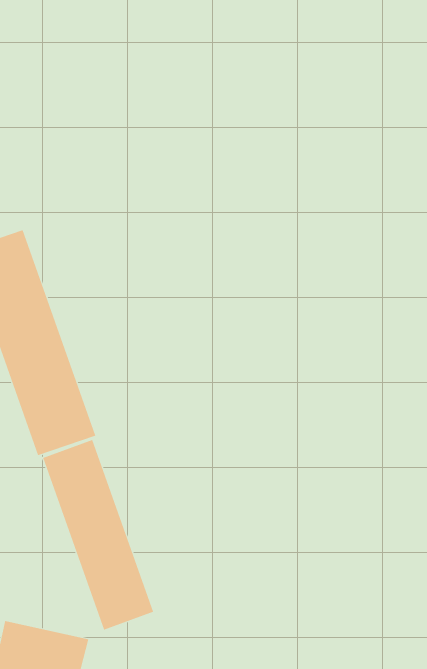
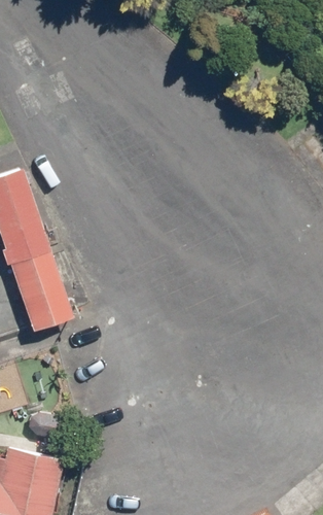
building: [43,439,154,630] -> none

